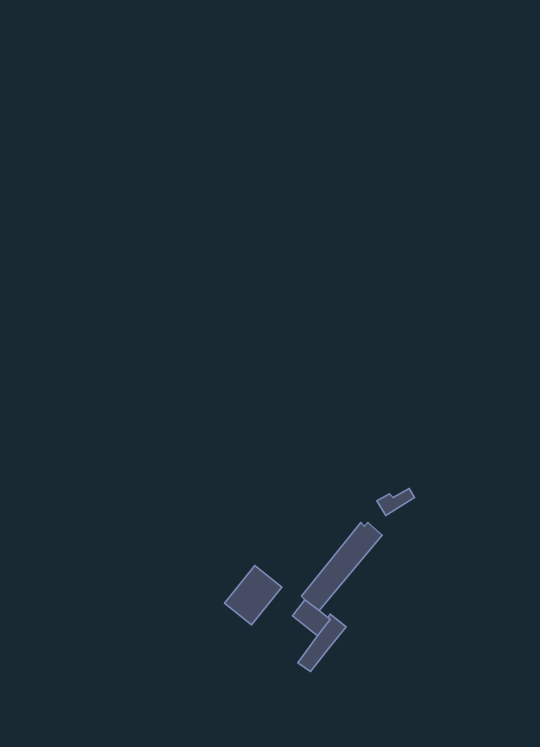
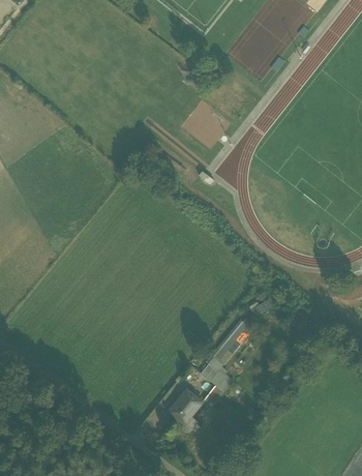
building: [224,566,282,625] -> [169,391,202,425]

